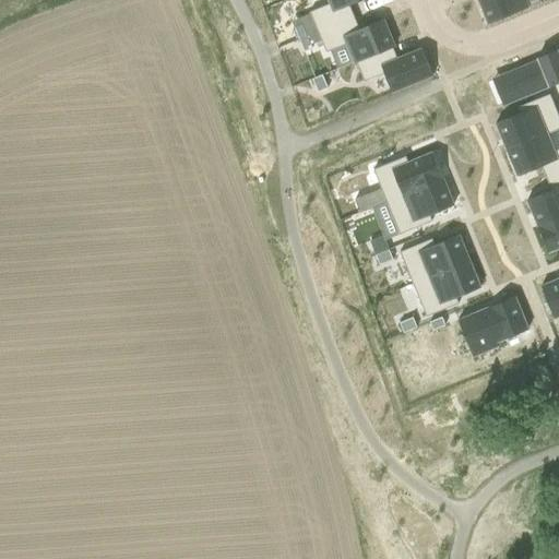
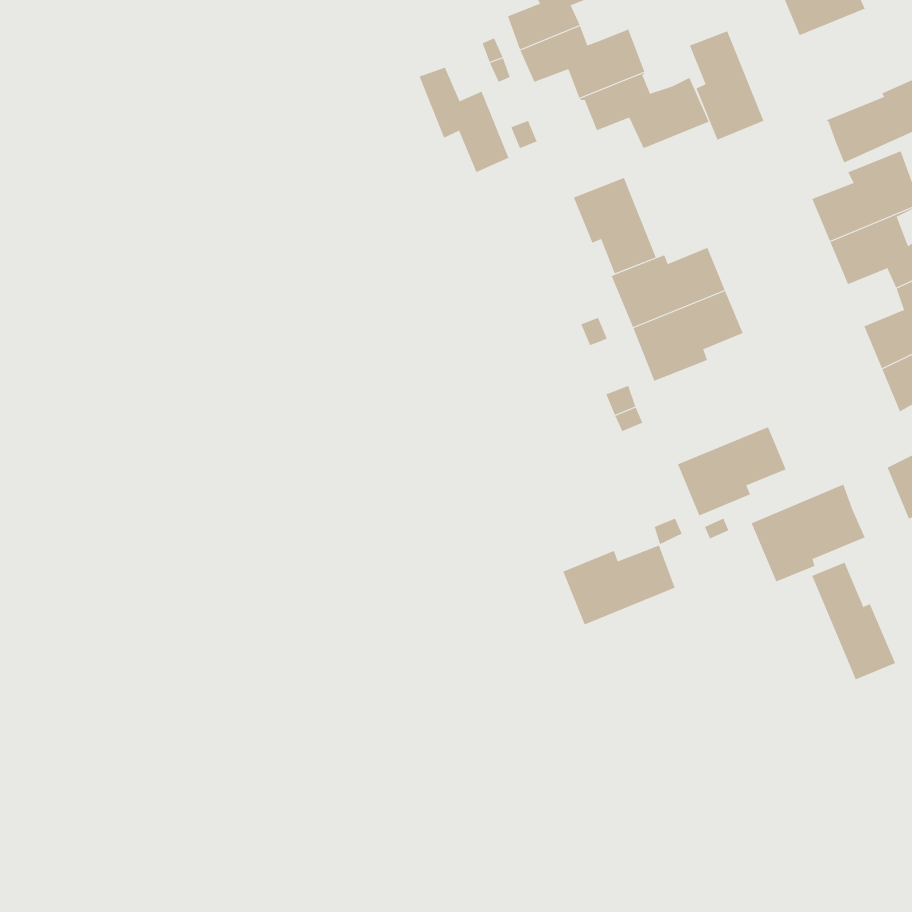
building: none -> [689,30,764,141]
building: none -> [419,67,509,173]
building: none -> [573,177,657,274]
building: [402,234,471,283] -> [563,545,675,625]
building: none -> [811,562,896,680]

